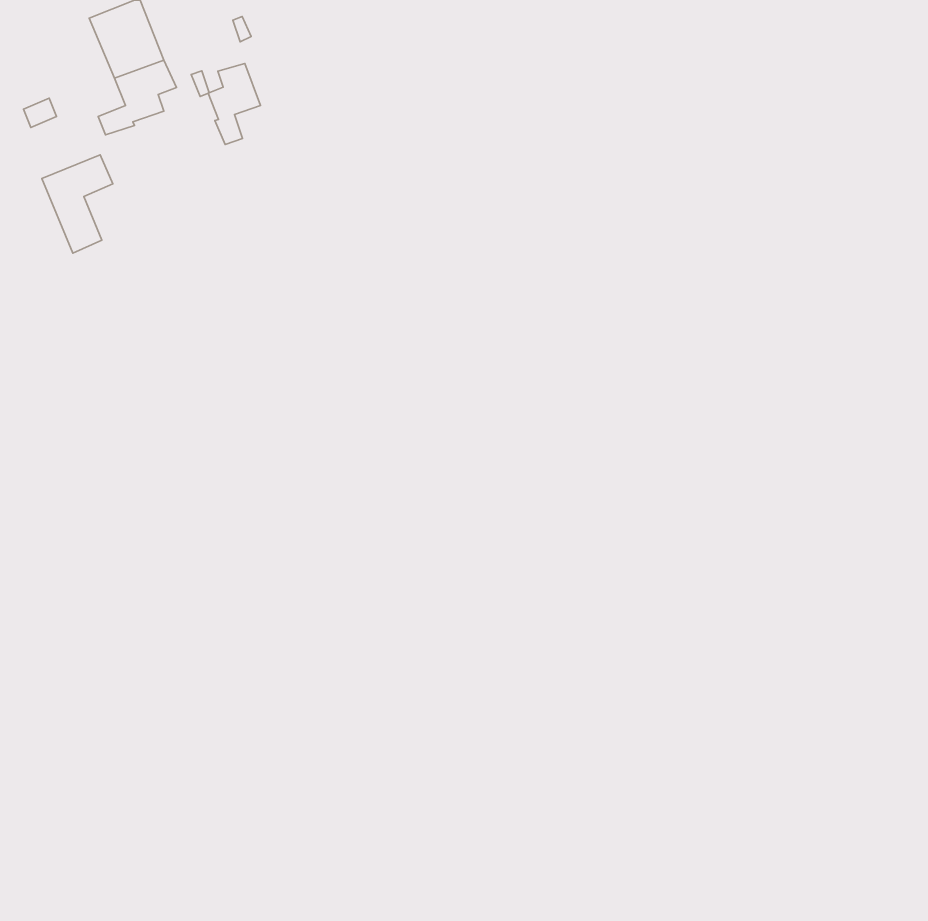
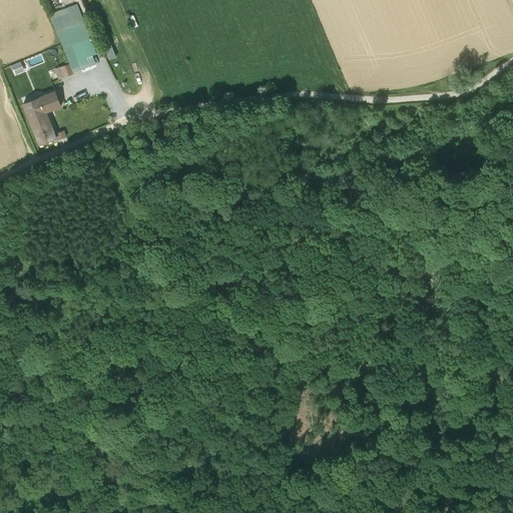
building: [208,63,260,144] -> none

